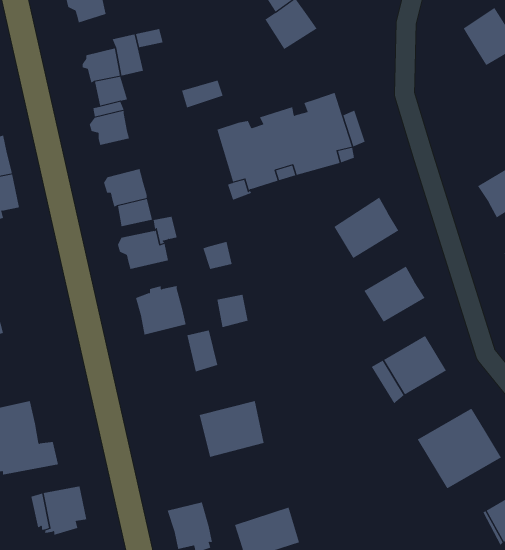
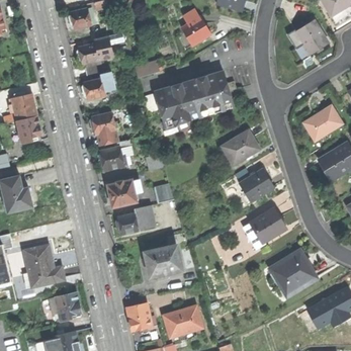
building: none -> [115,207,142,234]

